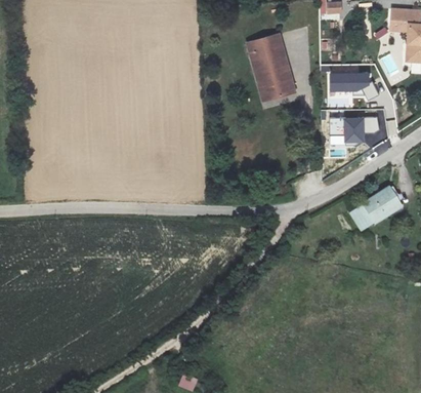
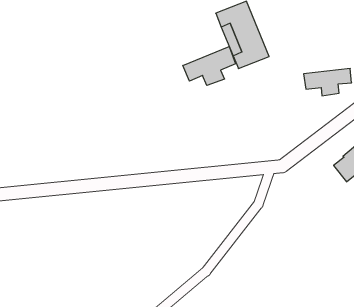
building: [330,72,377,99] -> none
building: none -> [183,47,235,85]

